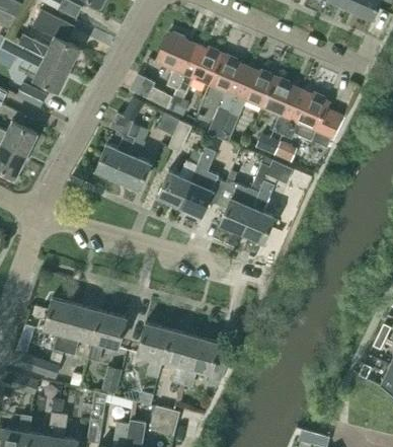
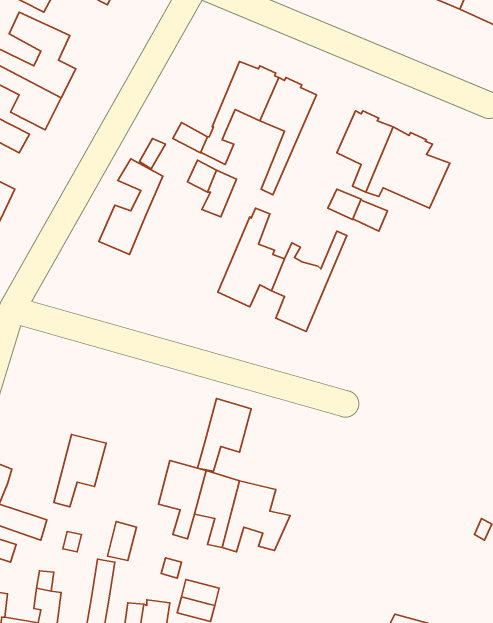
building: [155,31,193,89] -> none
building: [217,67,274,141] -> none
building: [116,124,149,188] -> none
building: [157,149,201,205] -> none
building: [240,160,293,241] -> none
building: [44,297,76,352] -> none
building: [87,310,125,361] -> [197,399,251,471]

